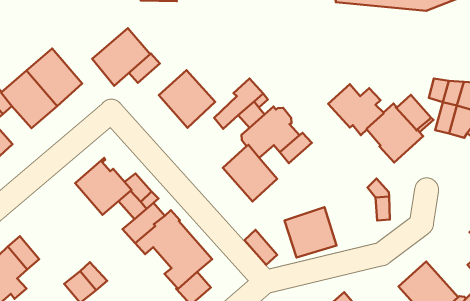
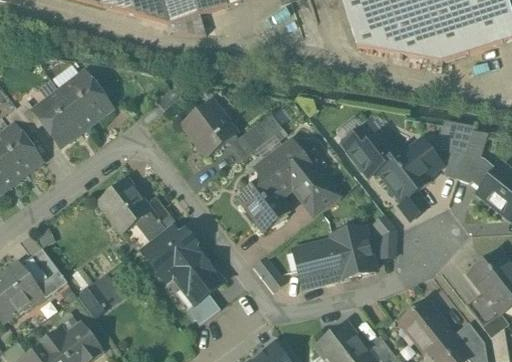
building: [92,28,150,86] -> none
building: none -> [301,177,340,216]
building: none -> [331,226,375,277]

